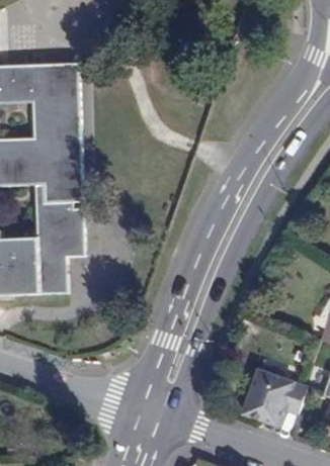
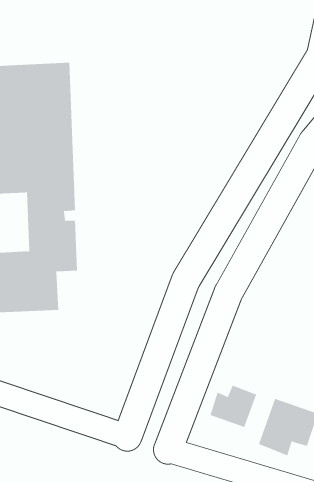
building: none -> [210,385,257,428]

